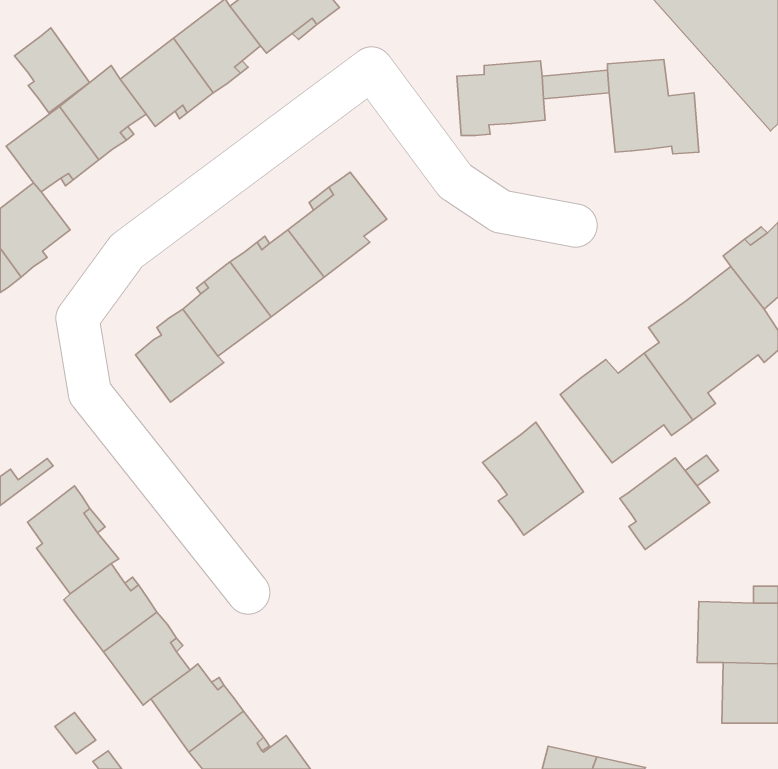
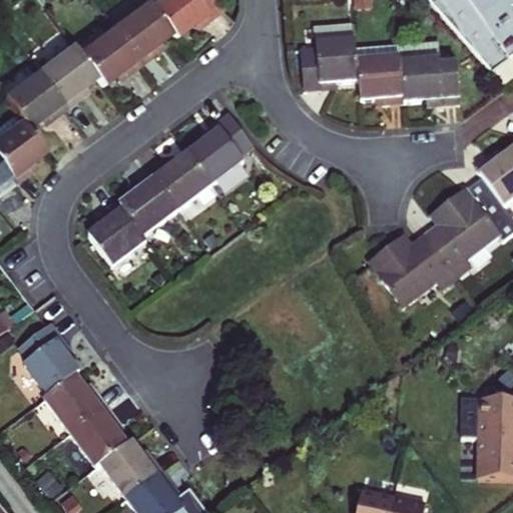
building: [15,28,90,113] -> none
building: none -> [358,61,405,102]
building: [483,422,584,535] -> none
building: [620,458,710,550] -> none

